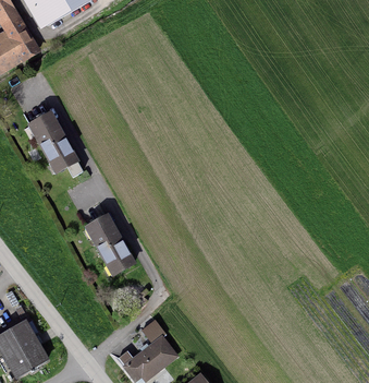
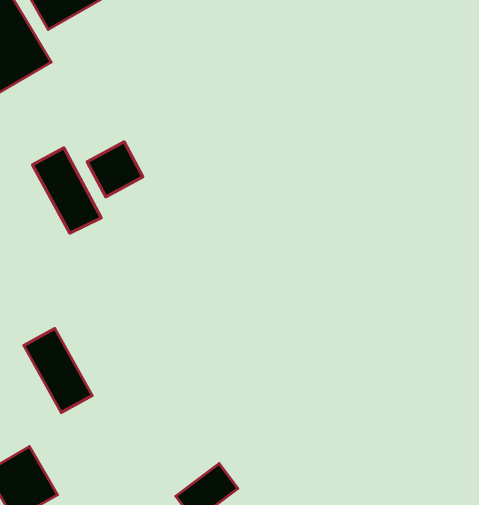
building: none -> [87,142,143,197]
building: [89,216,137,275] -> [24,328,92,412]

